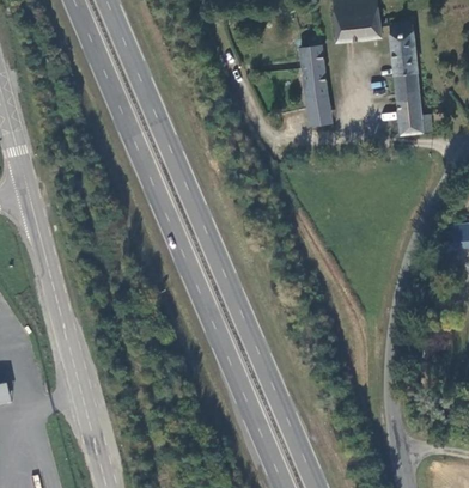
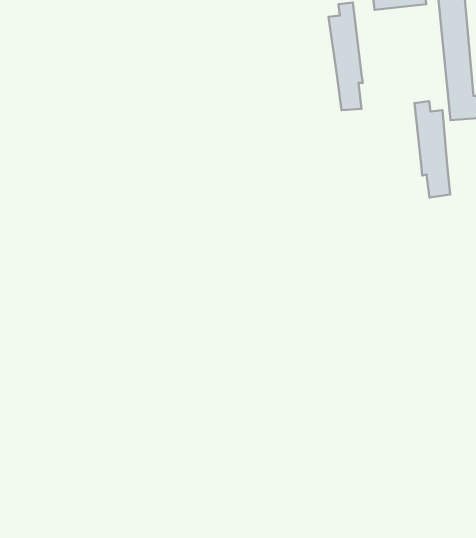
building: none -> [414,101,450,198]

